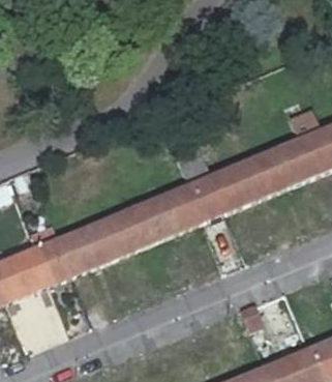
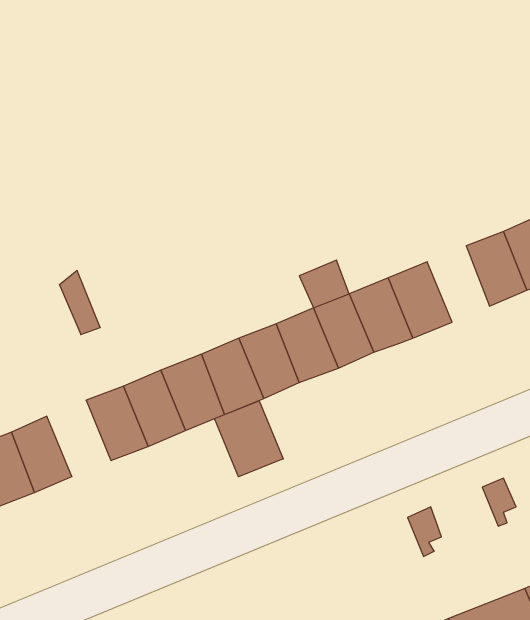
building: [251,149,288,194] -> none
building: [30,239,67,284] -> none
building: none -> [214,401,283,477]

